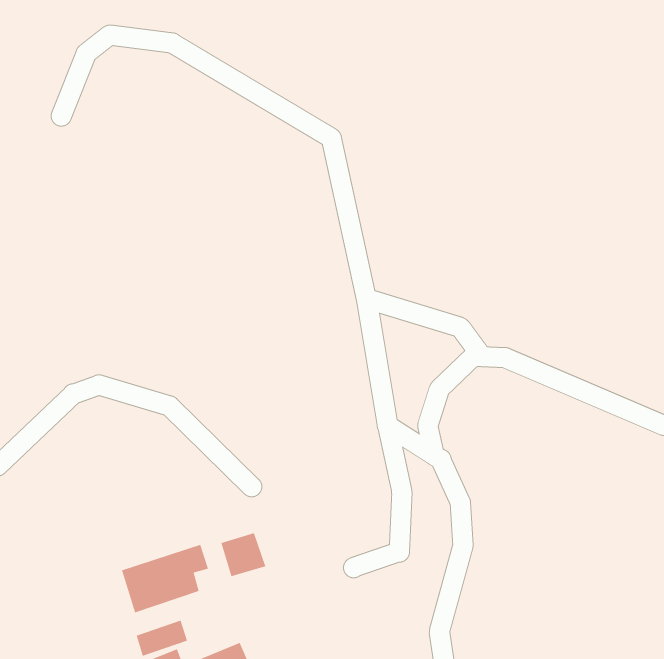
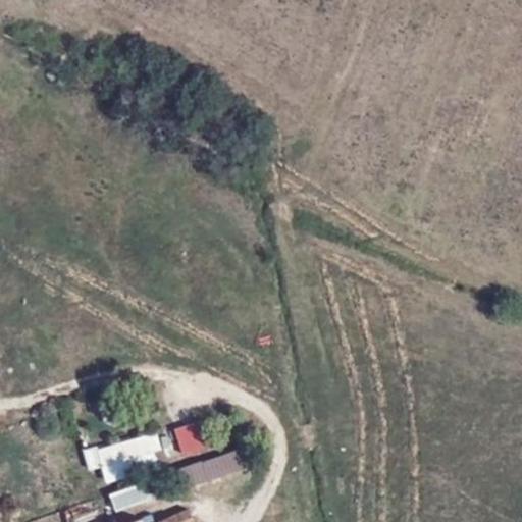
building: none -> [175,447,248,489]

